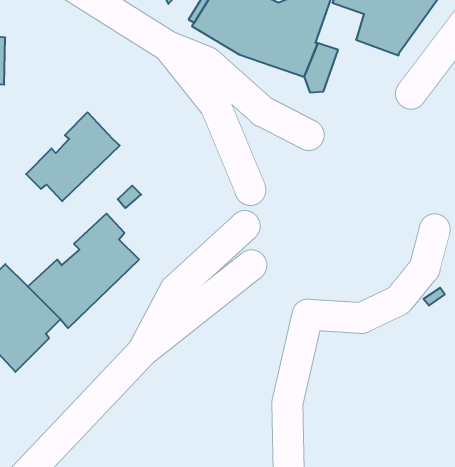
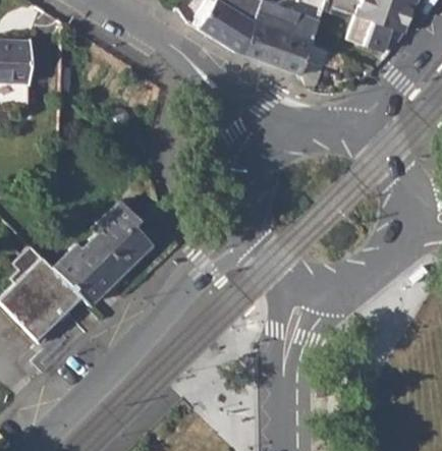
building: [26,112,120,201] -> none

